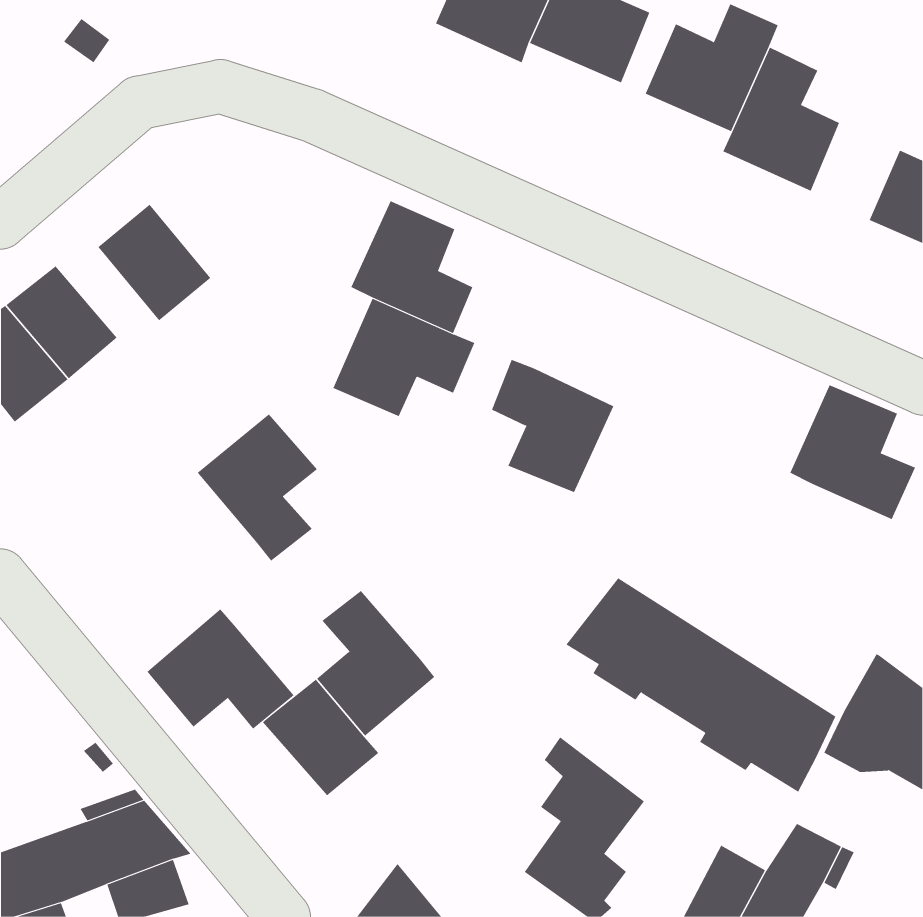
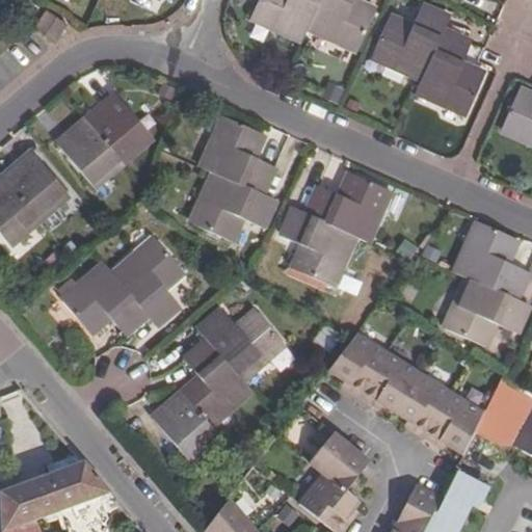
building: none -> [86,94,151,160]
building: none -> [308,171,389,239]
building: none -> [445,278,526,345]
building: none -> [198,308,284,379]
building: [146,609,294,729] -> [62,263,148,332]

